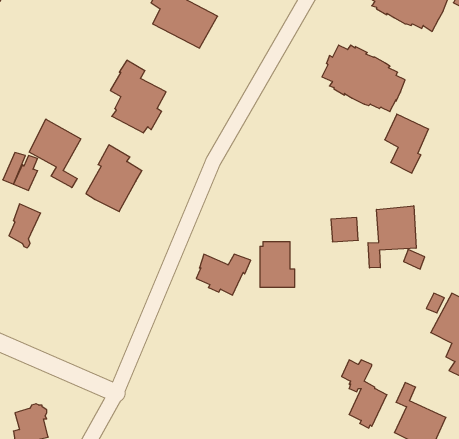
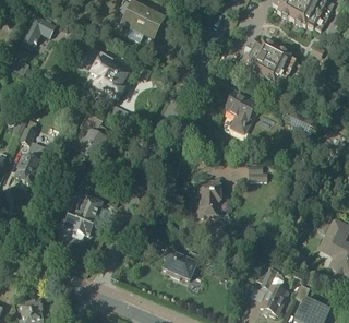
building: none -> [20,12,56,48]
building: [385,114,429,173] -> [226,89,257,132]
building: [29,119,81,188] -> none
building: [368,206,416,268] -> none
building: none -> [61,189,103,232]
building: [196,254,251,295] -> [163,249,202,278]

